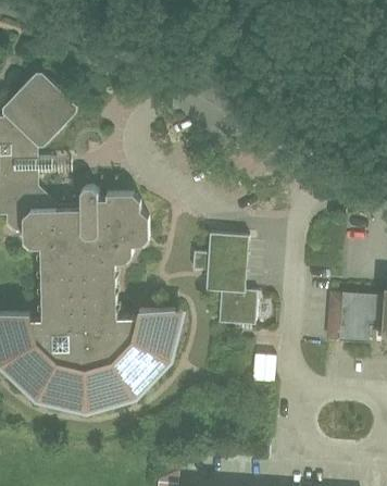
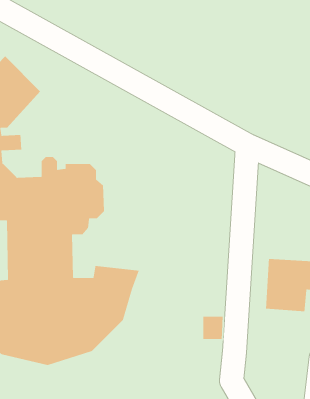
building: [190,234,258,329] -> none

